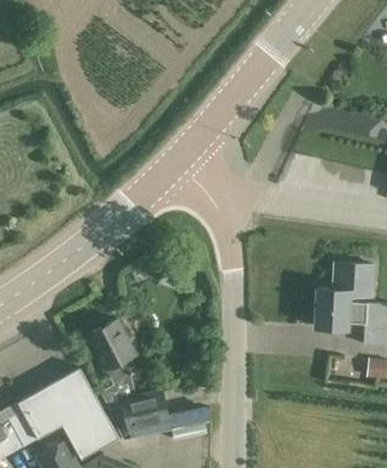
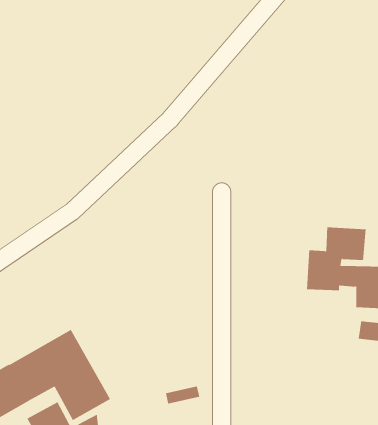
building: [87,318,169,438] -> none

